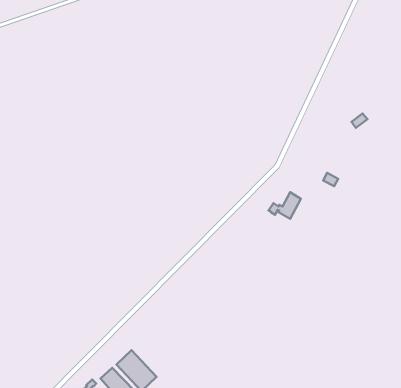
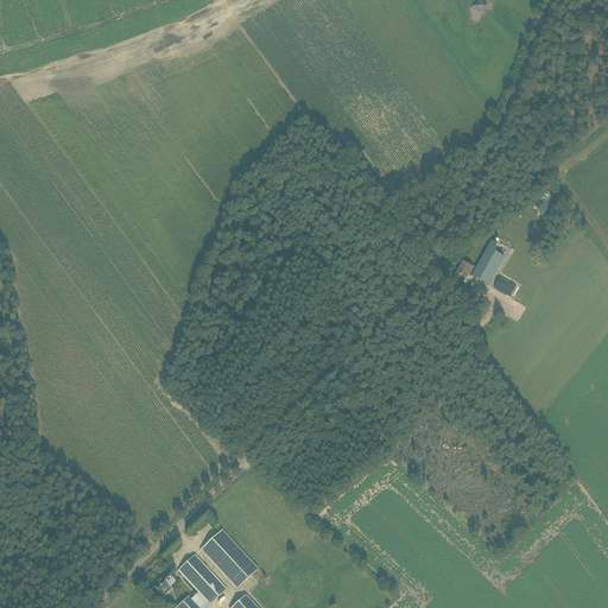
building: [268,192,301,219] -> [457,246,504,284]

